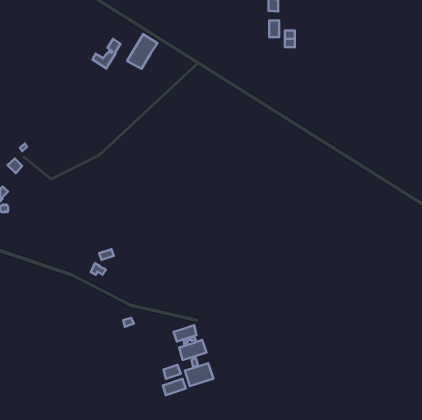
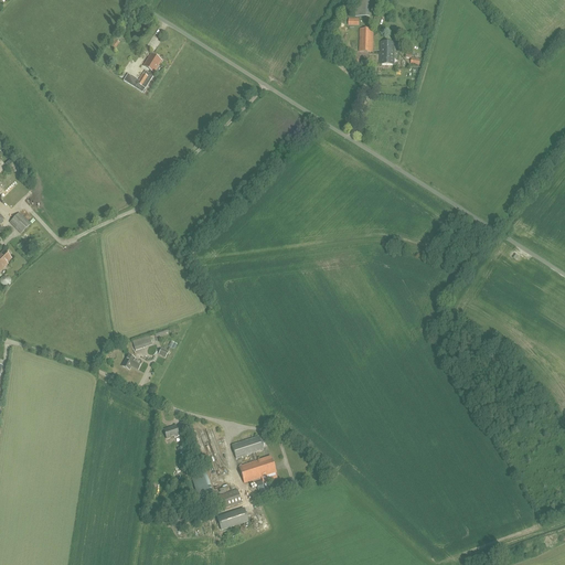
building: [127,34,157,69] -> none
building: [185,363,214,386] -> none

